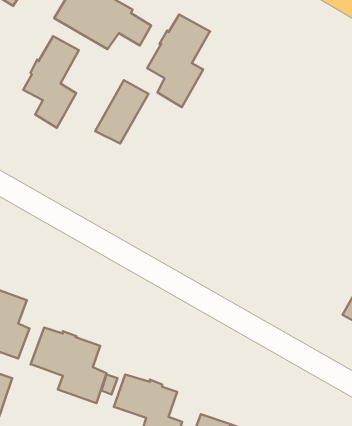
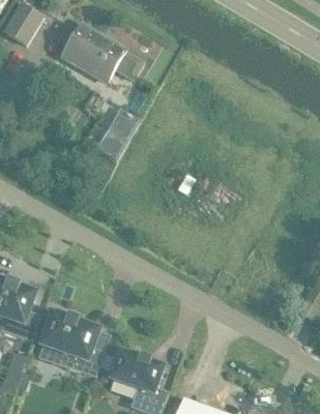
building: [147,14,210,107] -> none
building: [23,36,79,128] -> none

